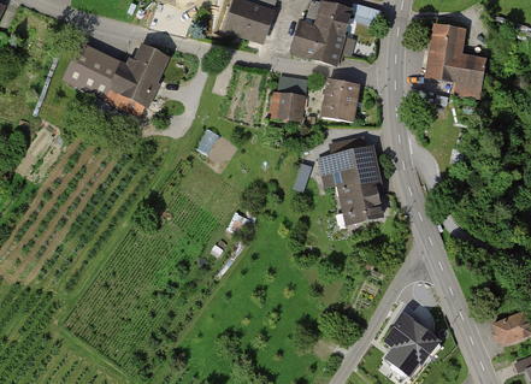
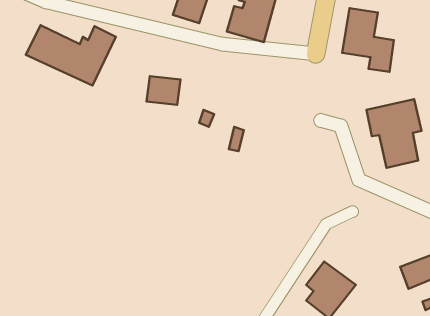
building: [323,81,361,122] -> none
building: [270,90,308,123] -> [147,76,180,105]
building: [320,146,383,224] -> [366,99,421,168]

